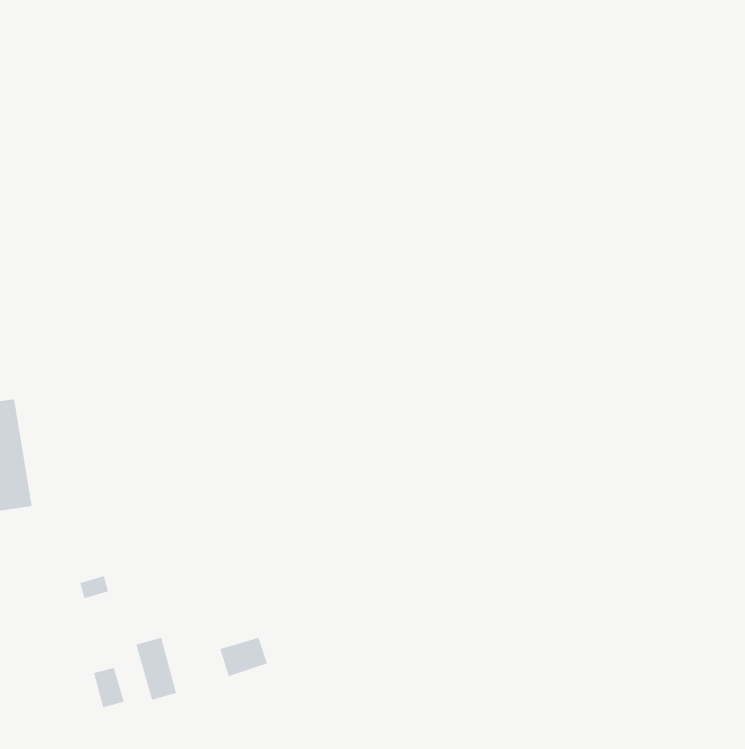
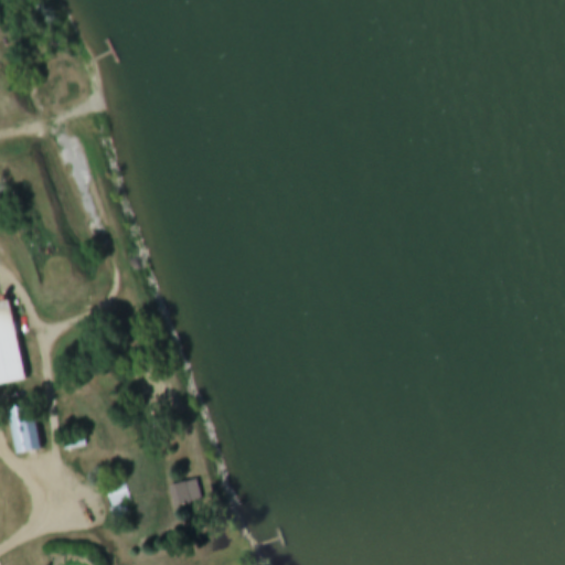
building: none -> [7,406,40,454]
building: [93,667,124,708] -> none

